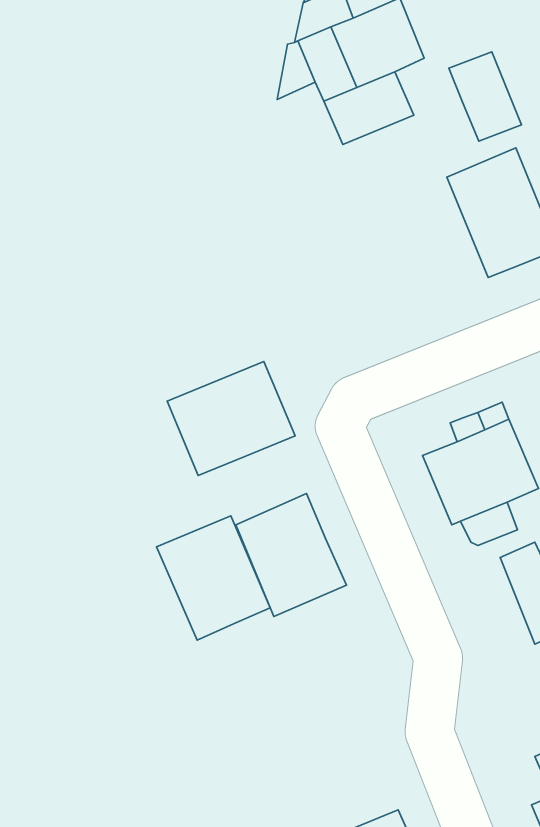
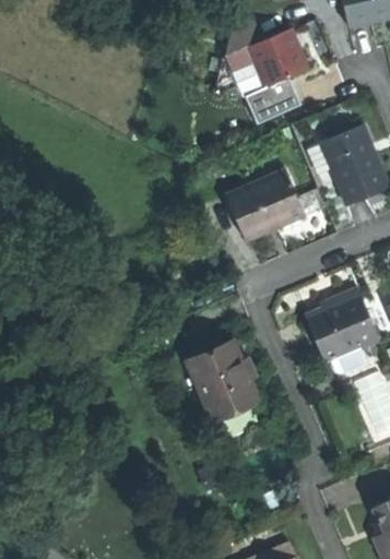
building: [449,52,522,141] -> none
building: [167,362,295,476] -> [225,169,306,241]
building: [157,516,270,640] -> none

